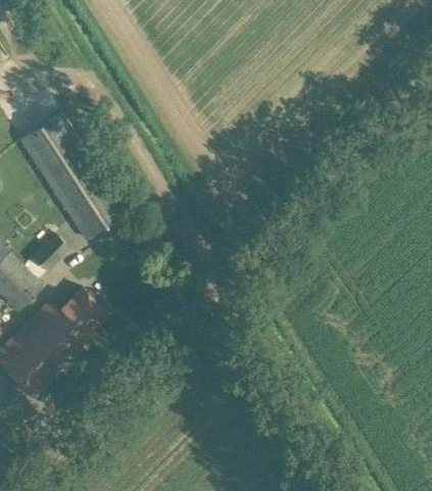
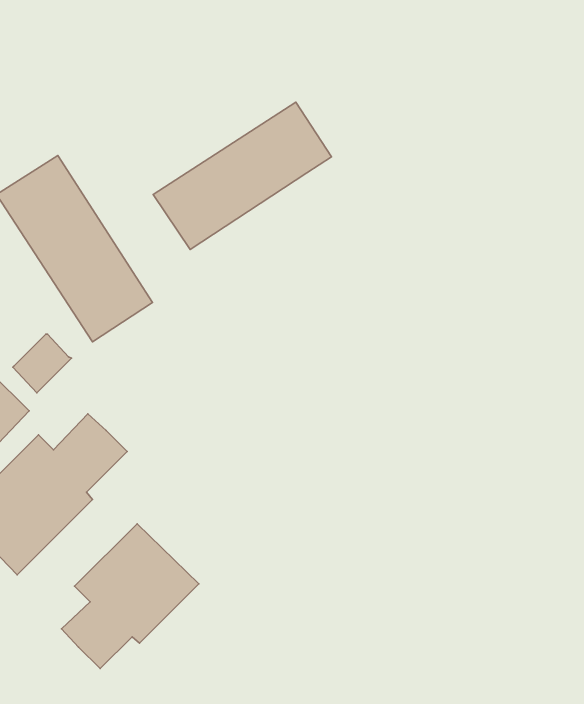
building: none -> [153,102,331,250]
building: none -> [61,524,199,669]

